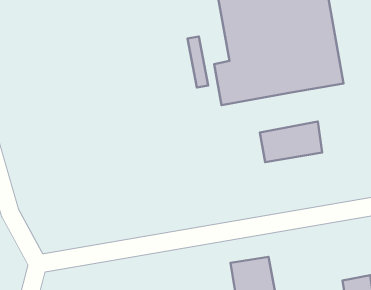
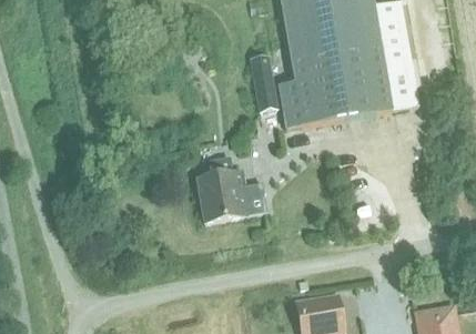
building: [260,122,322,162] -> none
building: none -> [196,155,266,222]

